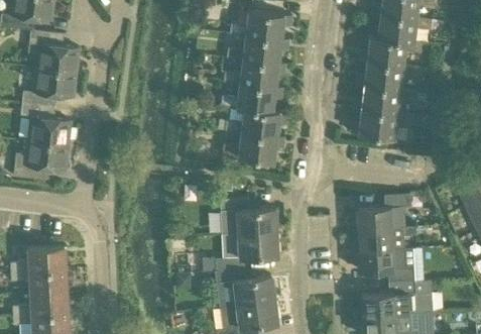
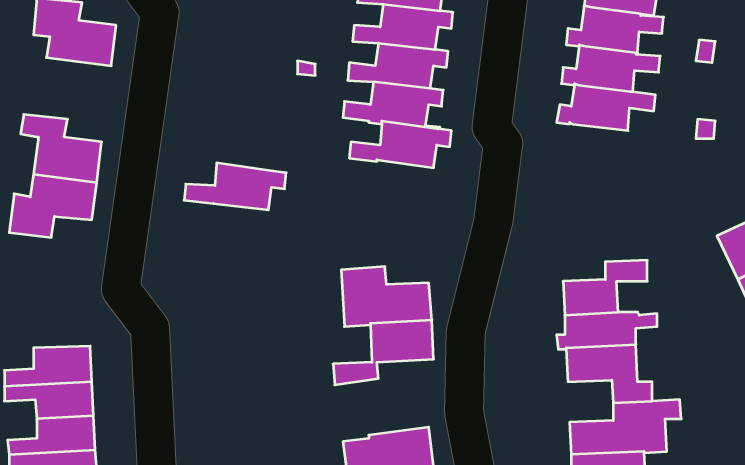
building: [23,70,78,108] -> none
building: [352,110,429,139] -> none
building: [223,133,286,162] -> [184,163,286,210]
building: [217,269,275,305] -> none

